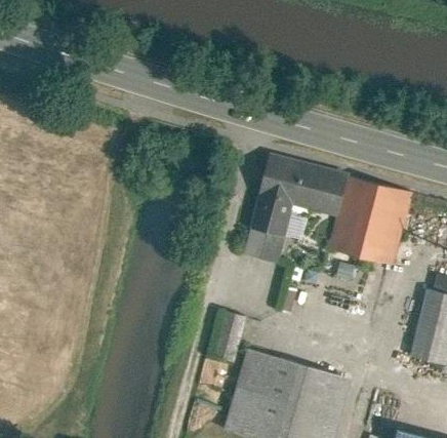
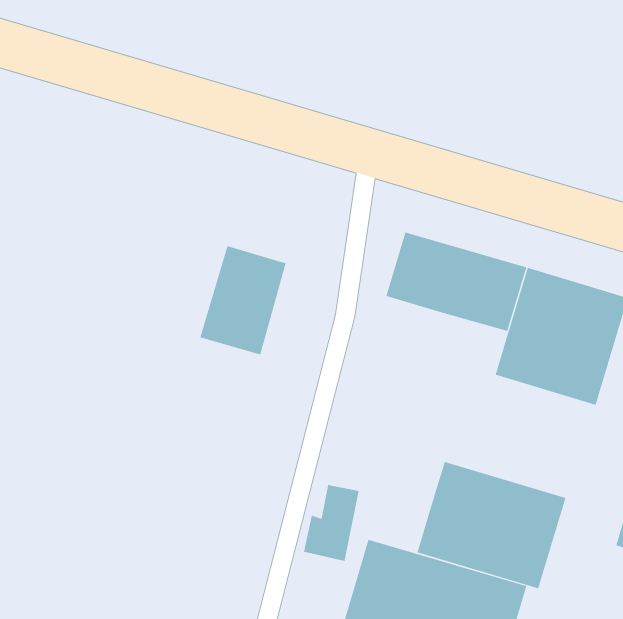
building: [241,195,296,265] -> [200,246,287,355]
building: none -> [417,461,566,589]

